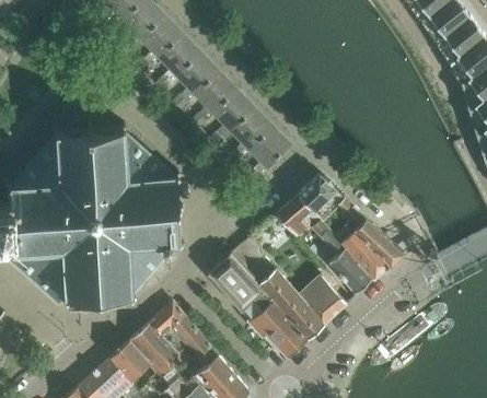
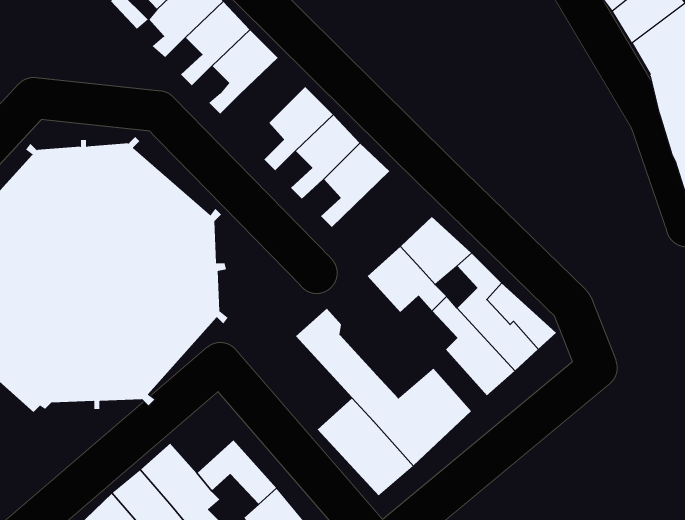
building: [190,71,236,127] -> none
building: [208,254,267,315] -> none
building: [148,302,189,343] -> none

